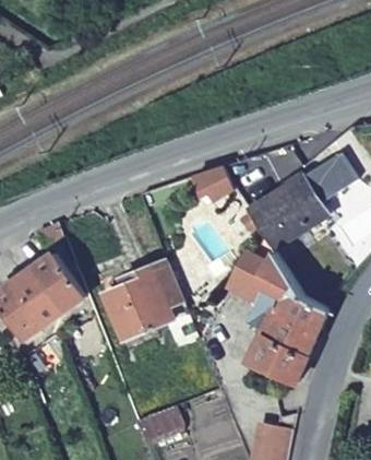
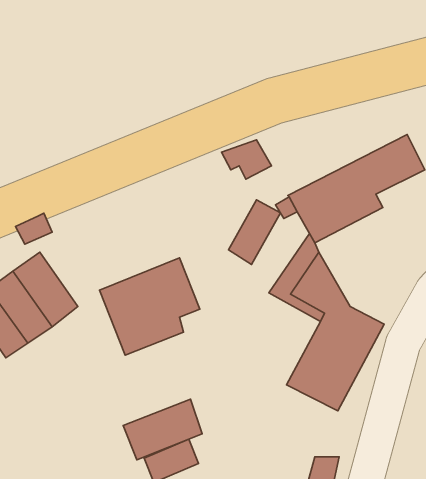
building: none -> [229,200,280,265]
building: none -> [123,399,202,460]

